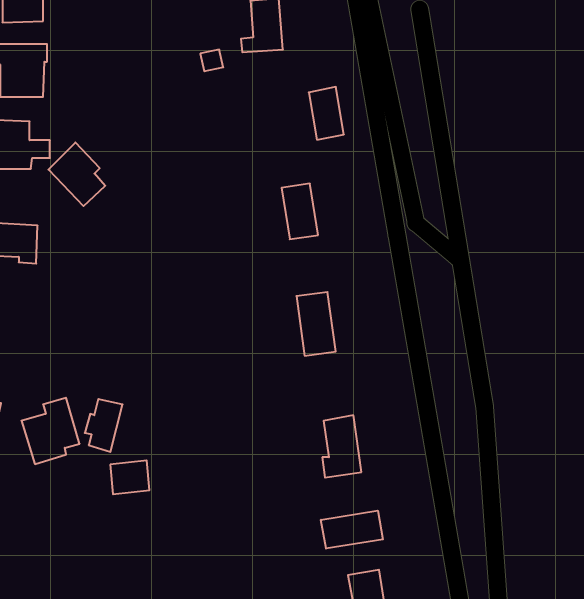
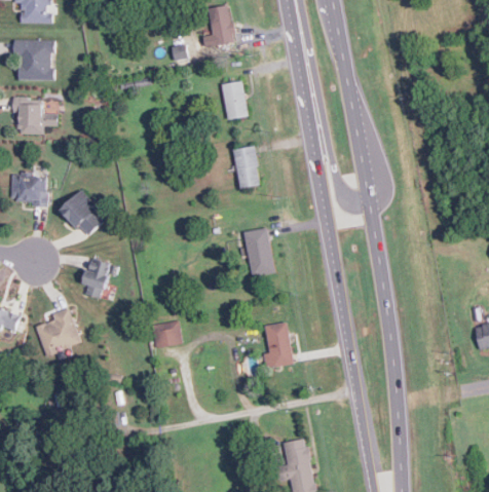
building: [309,87,344,140] -> [221,80,248,120]
building: [48,142,105,206] -> [60,189,103,237]
building: [85,399,123,452] -> [81,259,110,299]
building: [110,460,149,494] -> [151,321,181,347]
building: [321,511,383,549] -> none

